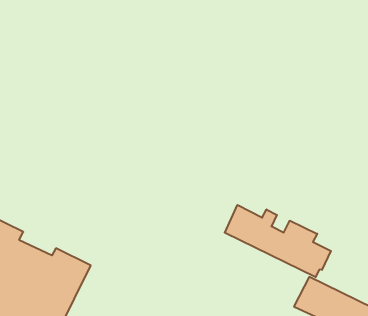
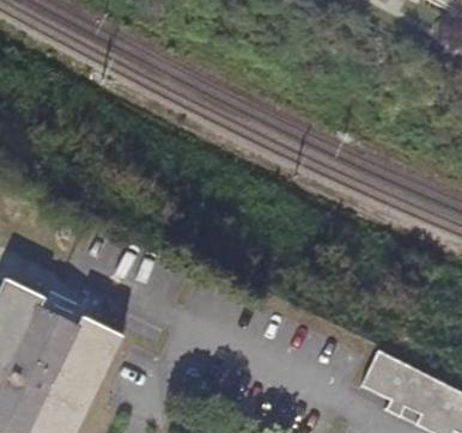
building: [225,205,331,277] -> none

